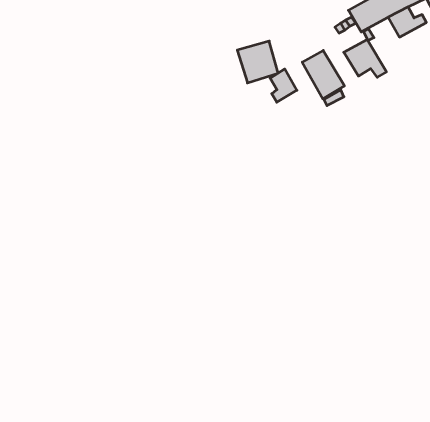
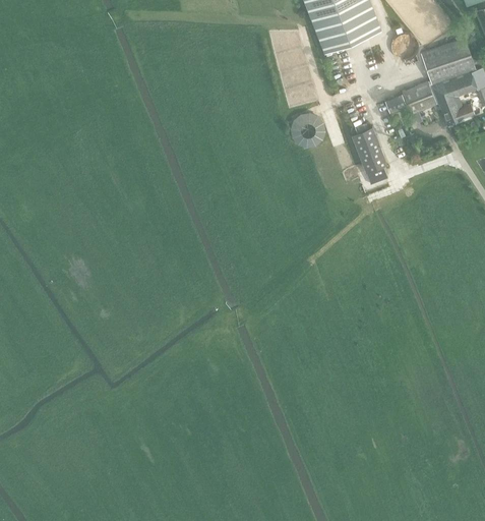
building: [344,39,386,77] -> none
building: [270,69,297,102] -> none

